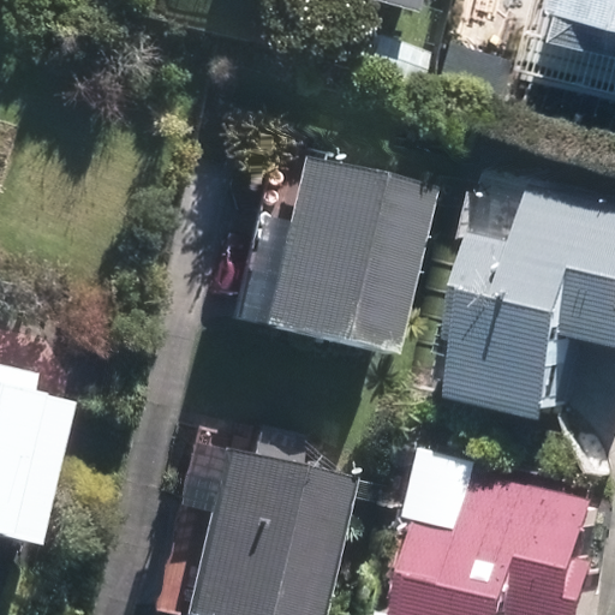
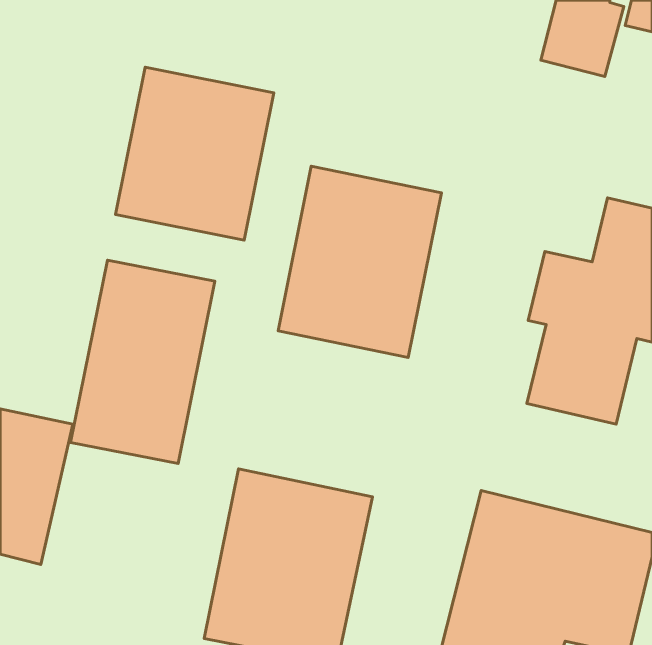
building: none -> [115,67,274,240]
building: none -> [71,260,215,464]

